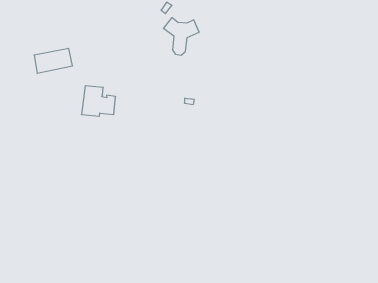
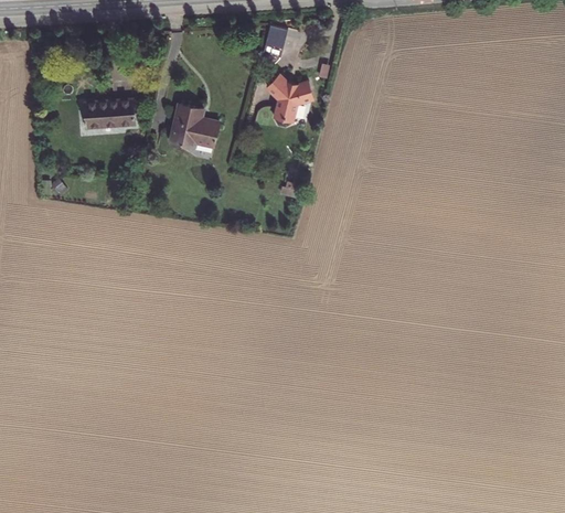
building: [81,86,116,116] -> [169,103,218,147]

